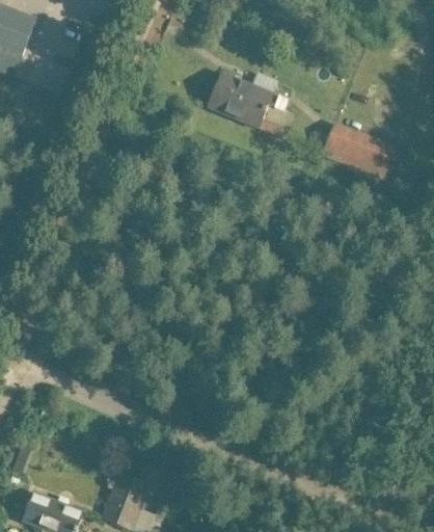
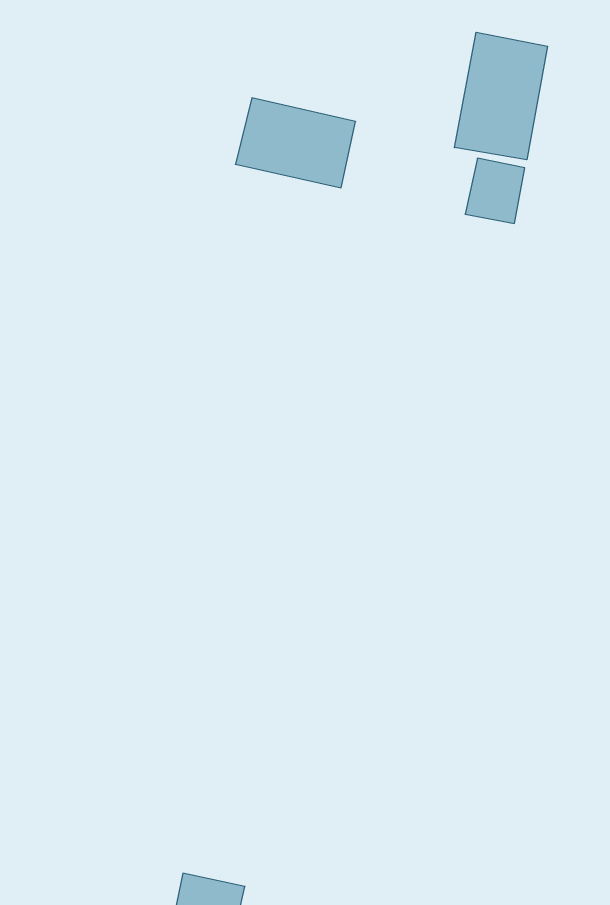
building: none -> [454,32,548,160]

